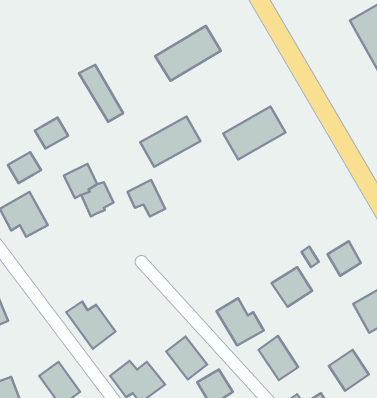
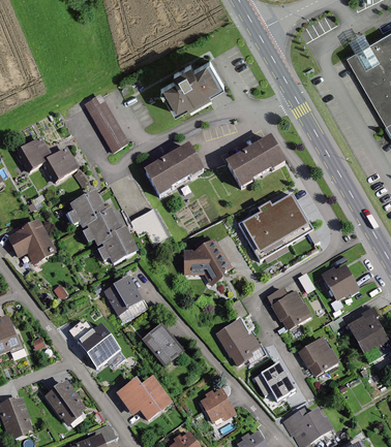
building: [8,152,41,183] -> [19,138,51,168]
building: none -> [239,193,311,258]
building: none -> [103,226,136,260]
building: none -> [183,238,231,284]
building: none -> [104,278,143,317]
building: [166,337,207,380] -> [143,325,182,366]
building: [329,350,369,391] -> [300,337,338,376]

